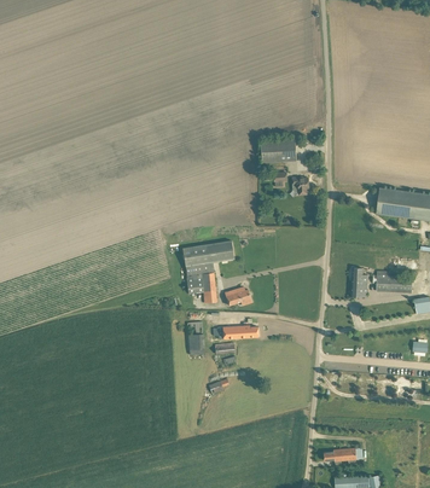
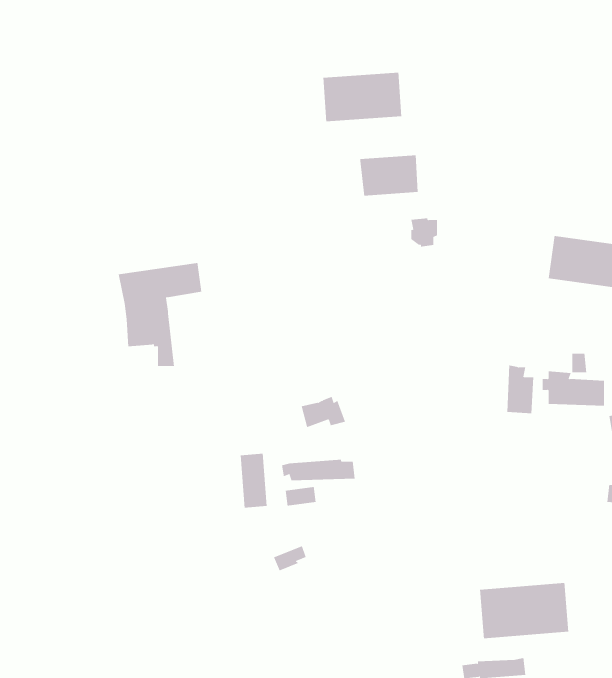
building: none -> [323,72,402,122]
building: [182,240,234,304] -> [118,262,202,366]
building: none -> [480,582,569,639]

